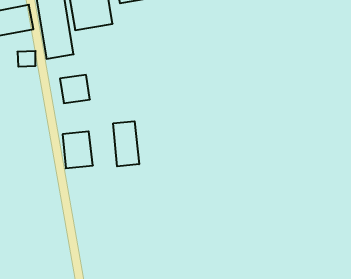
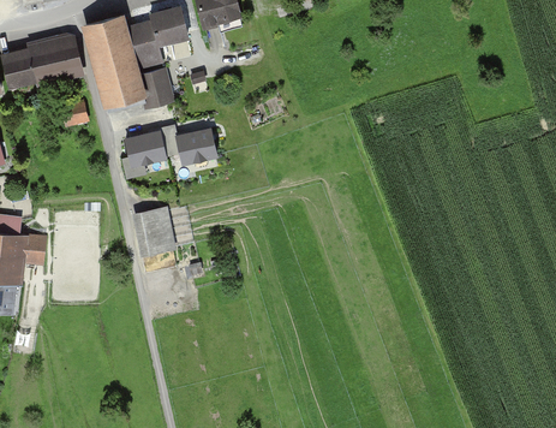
building: none -> [139,69,174,105]
building: none -> [177,126,217,164]
building: [113,121,139,166] -> none

